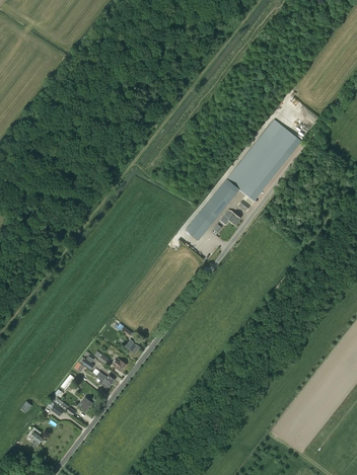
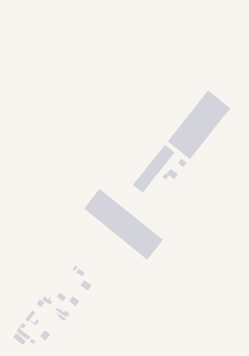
building: none -> [83,188,164,261]

